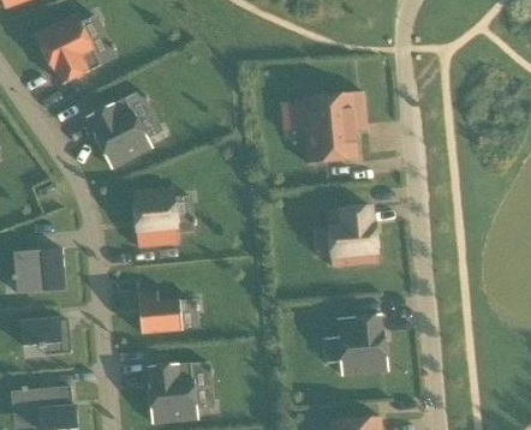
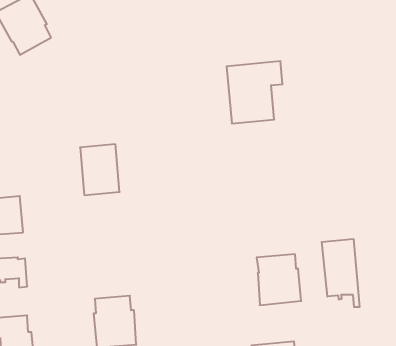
building: [86,98,151,168] -> none
building: [328,207,378,265] -> none
building: [138,292,181,333] -> none
building: none -> [322,239,360,307]

